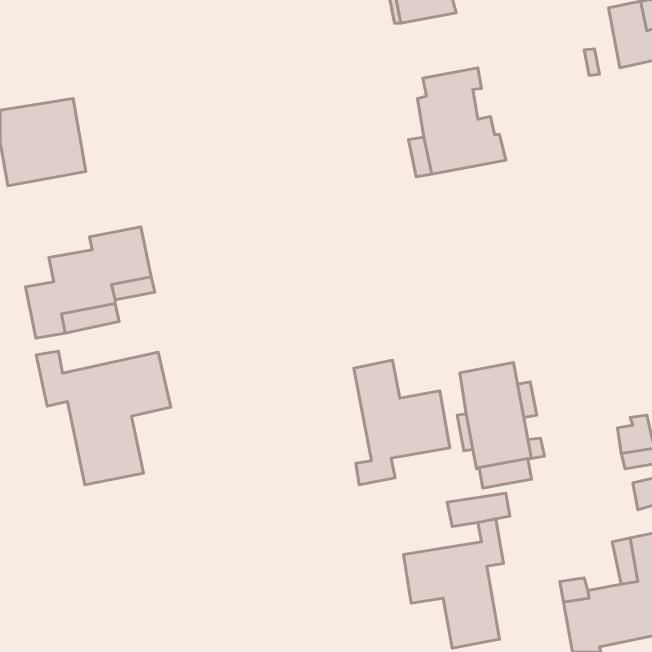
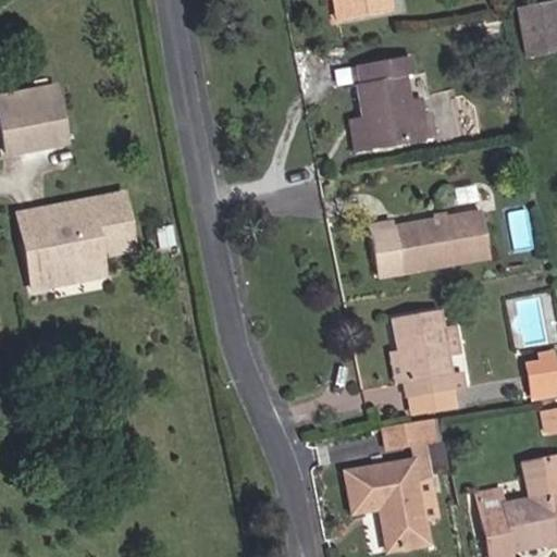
building: none -> [18,201,81,244]
building: none -> [370,211,488,275]
building: [36,351,171,485] -> none
building: [354,360,450,485] -> none

